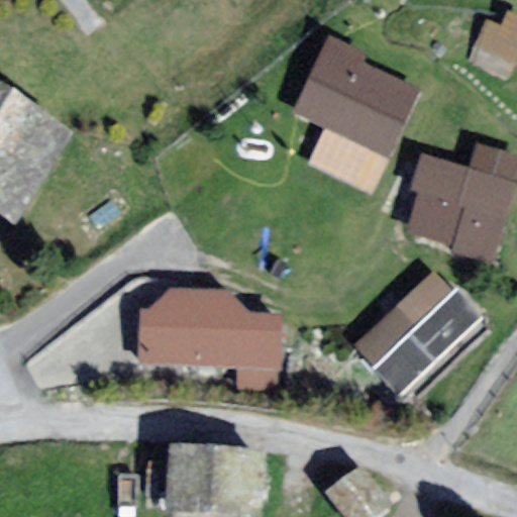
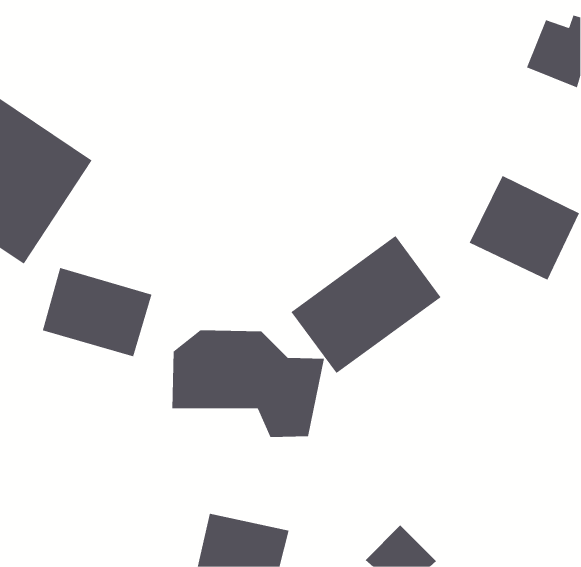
building: [305,46,415,159] -> none
building: none -> [42,267,152,357]
building: [339,278,473,400] -> [290,235,441,374]

